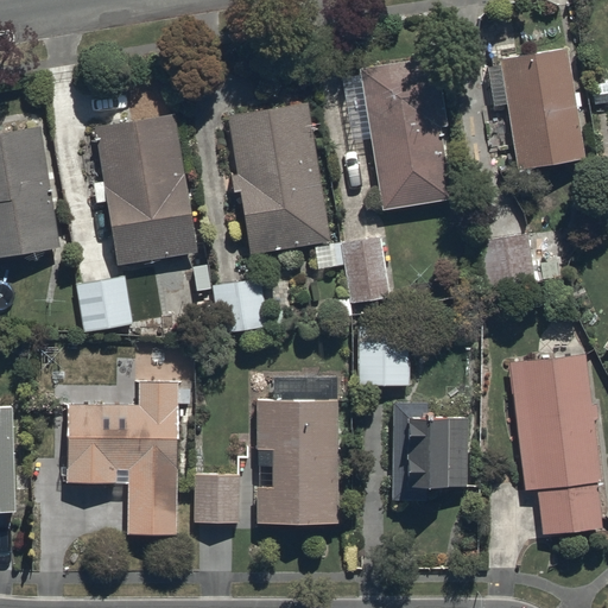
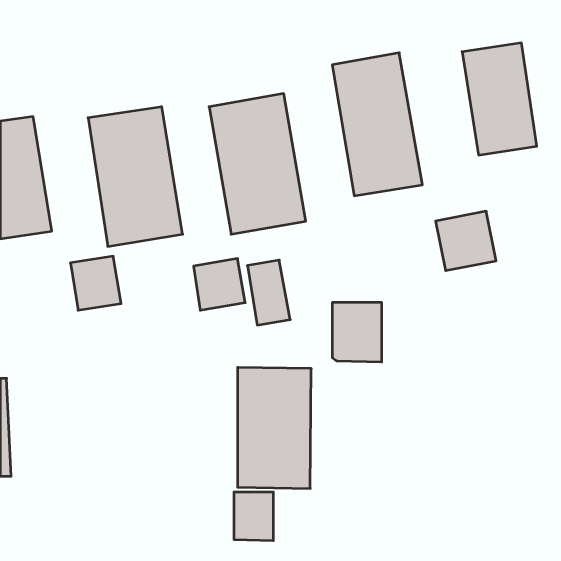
building: [343,235,390,305] -> [247,260,290,325]
building: [517,353,602,534] -> none
building: [65,375,177,538] -> none
building: [388,401,466,506] -> none
building: [195,473,238,525] -> [234,492,273,541]

